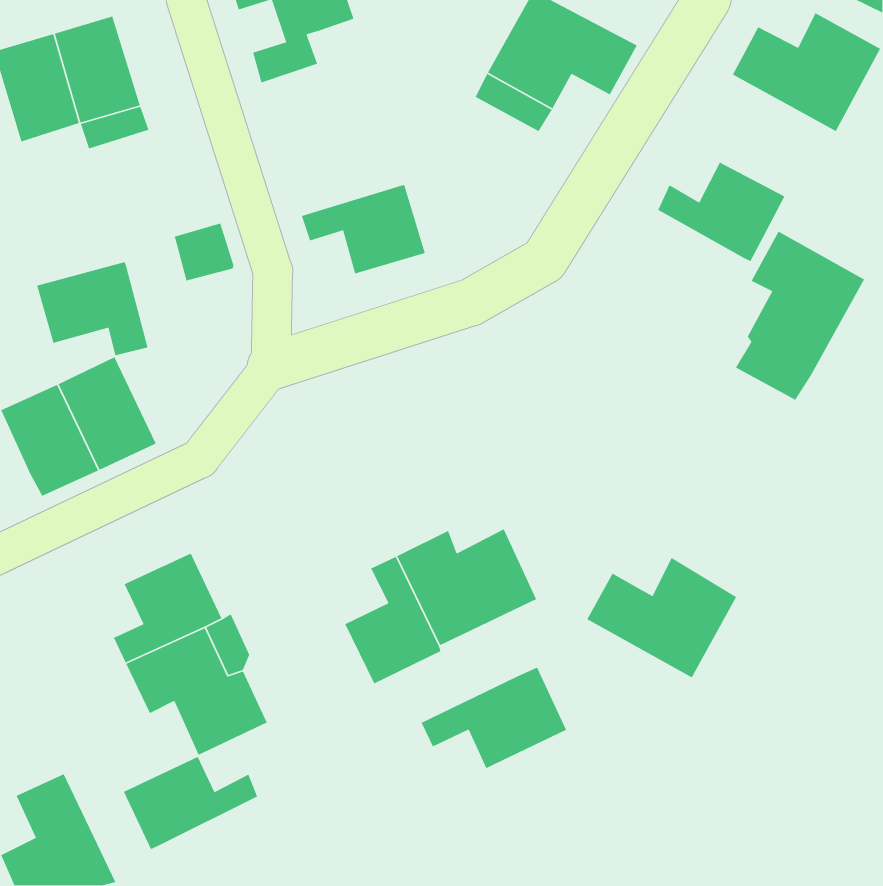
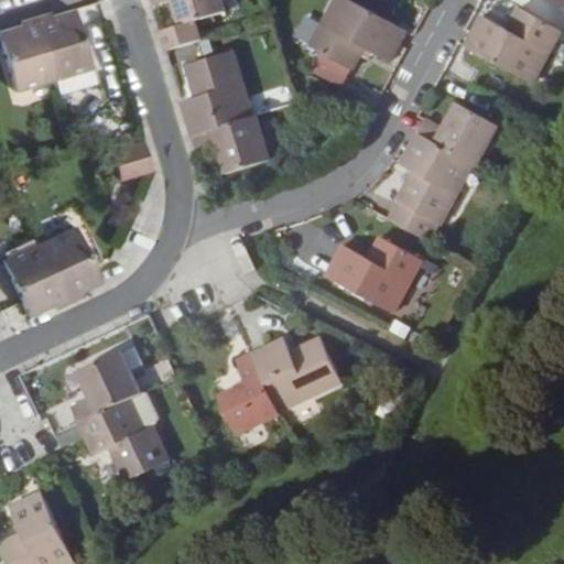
building: none -> [180,51,252,137]
building: [735,231,865,401] -> [389,133,471,241]
building: [36,261,149,356] -> none
building: [586,557,737,679] -> [326,235,422,312]
building: [421,667,567,769] -> none
building: [123,756,258,850] -> none

